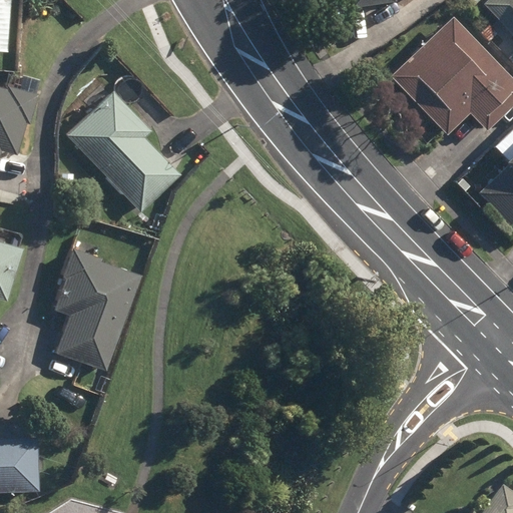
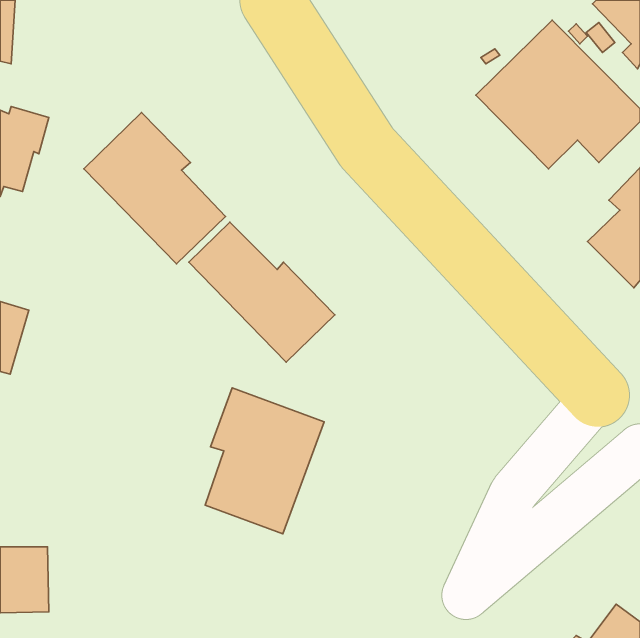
building: none -> [189,222,335,362]
building: [55,247,141,371] -> none
building: none -> [205,388,324,534]

